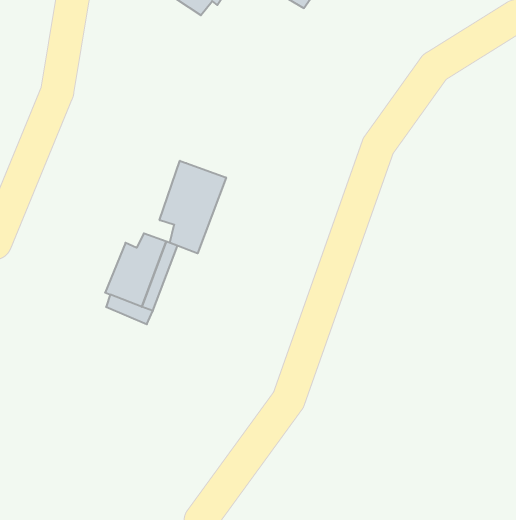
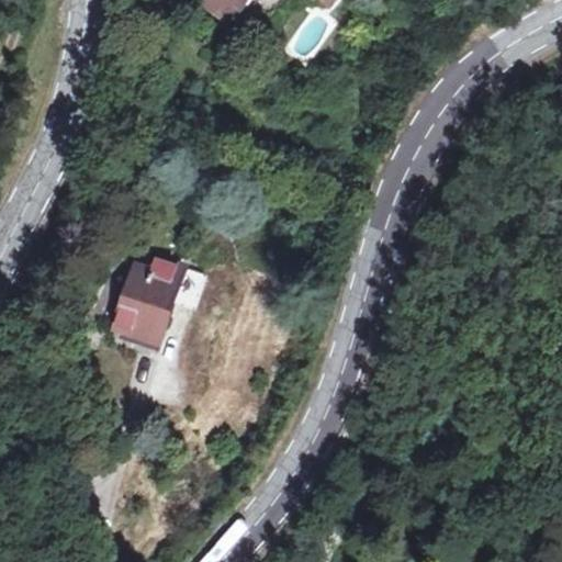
building: [160,161,226,253] -> none

